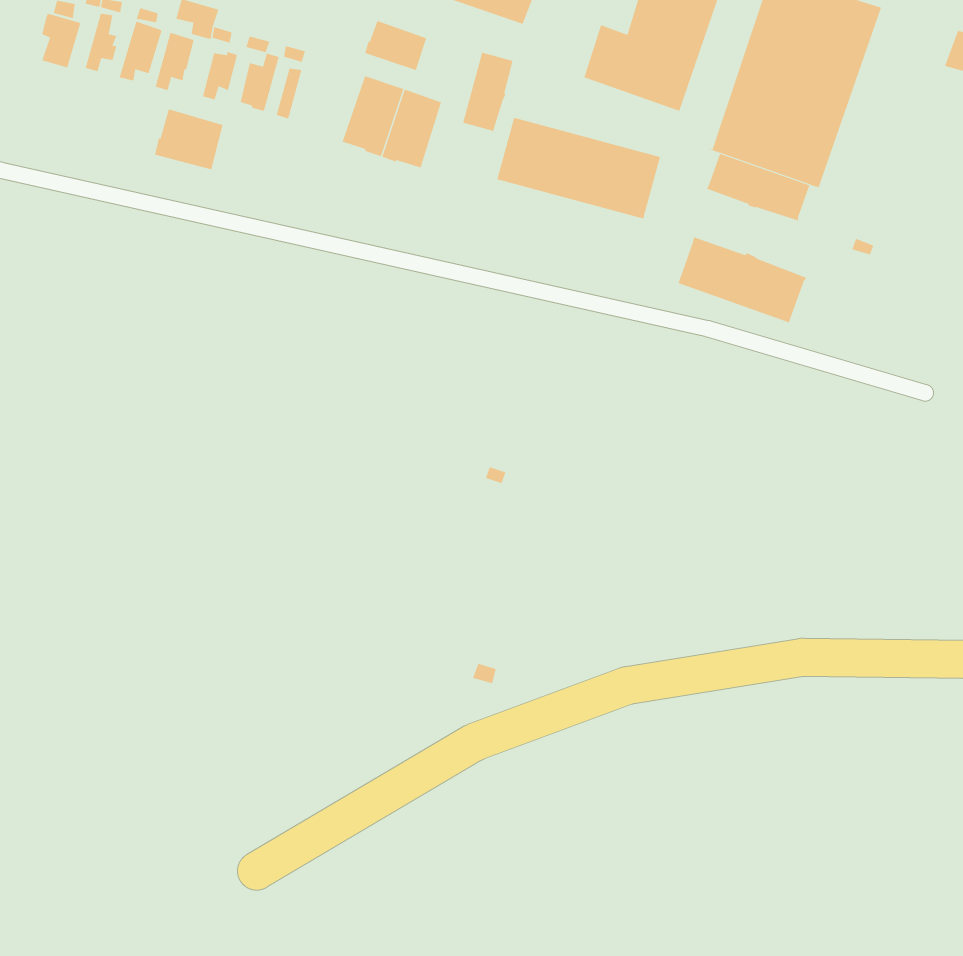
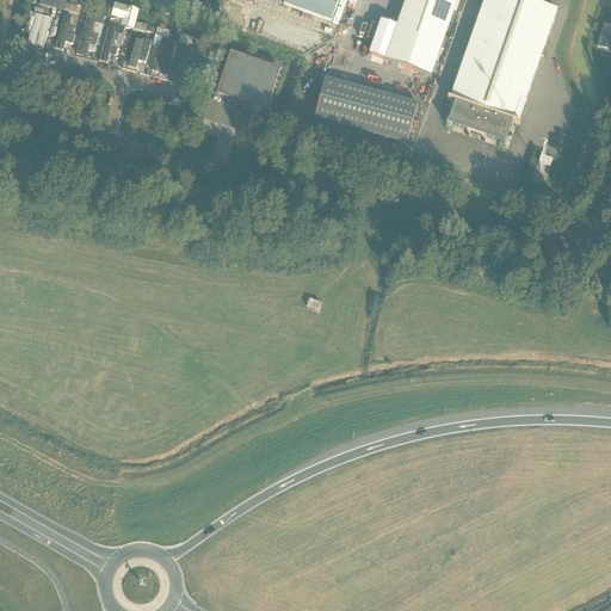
building: [364,20,427,71] -> none
building: [463,52,513,132] -> none
building: [155,108,223,170] -> none
building: [678,237,807,323] -> none

